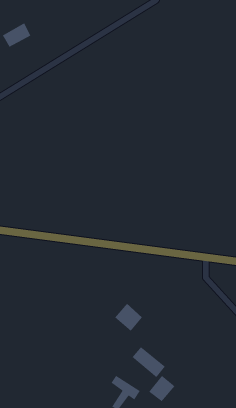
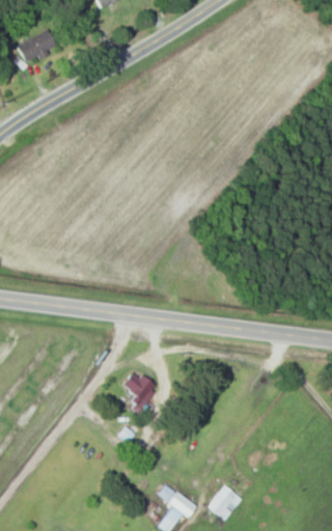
building: [114,303,143,332] -> [119,369,157,407]
building: [131,346,166,378] -> none

